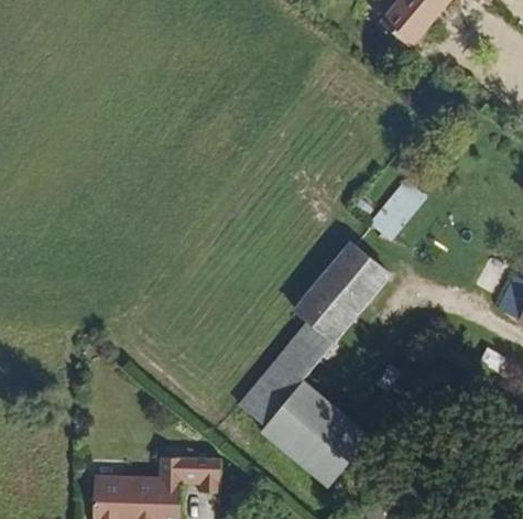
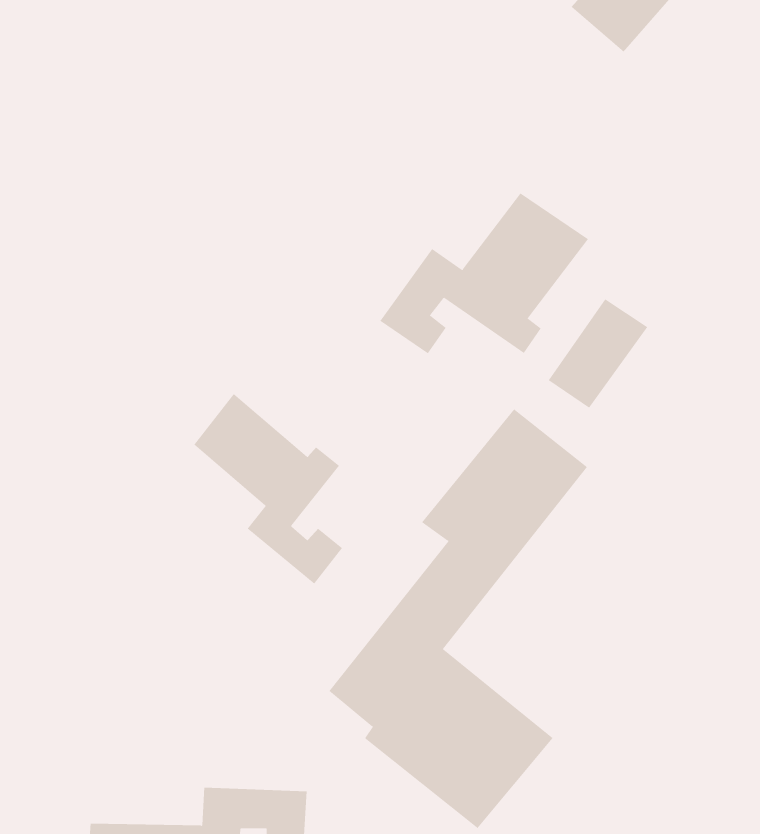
building: none -> [379,192,589,354]
building: none -> [194,393,343,584]

